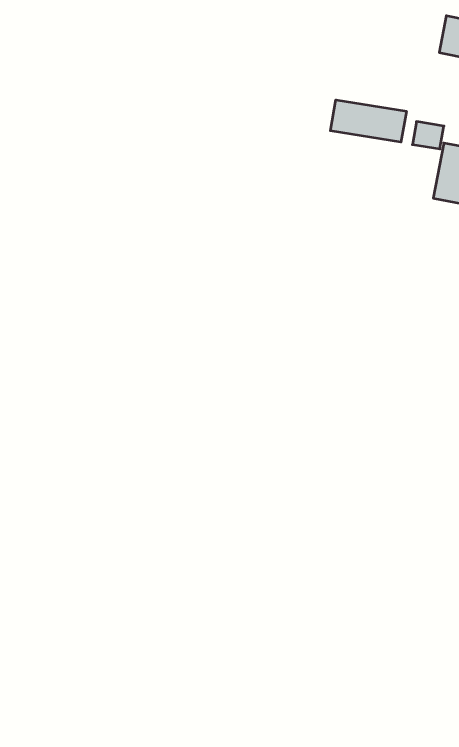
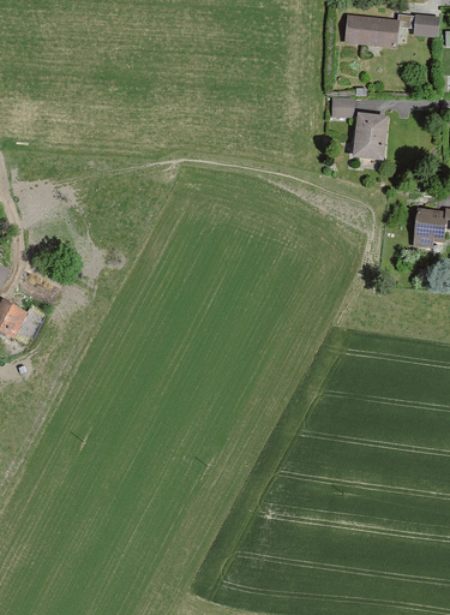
building: [330,100,406,142] -> none

